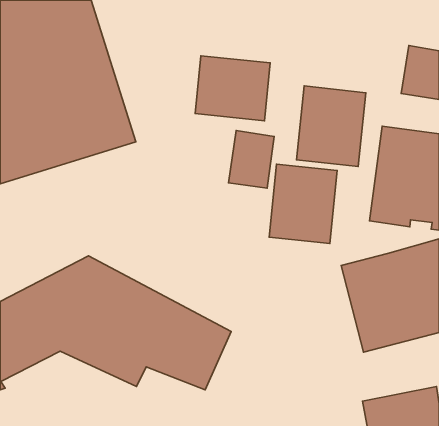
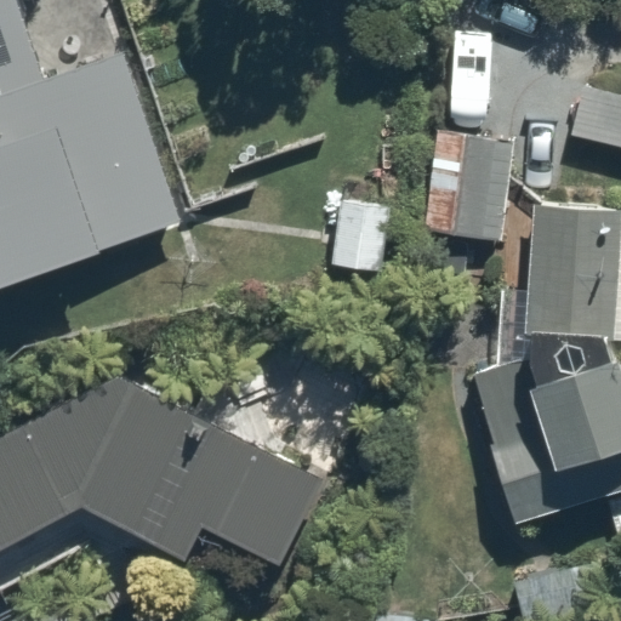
building: [195,56,270,121] -> none
building: [269,164,337,243] -> none

